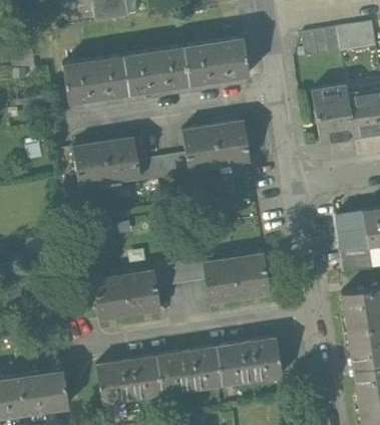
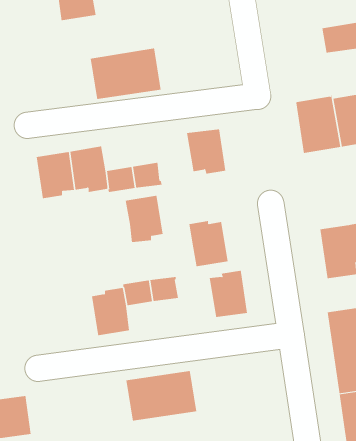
building: [302,28,342,56] -> none
building: [183,37,250,85] -> none
building: [63,56,129,103] -> none
building: [182,126,219,170] -> [125,195,164,243]
building: [203,259,240,302] -> [188,220,228,267]
building: [94,276,130,318] -> none
building: [217,338,283,385] -> none
building: [97,356,162,404] -> none

